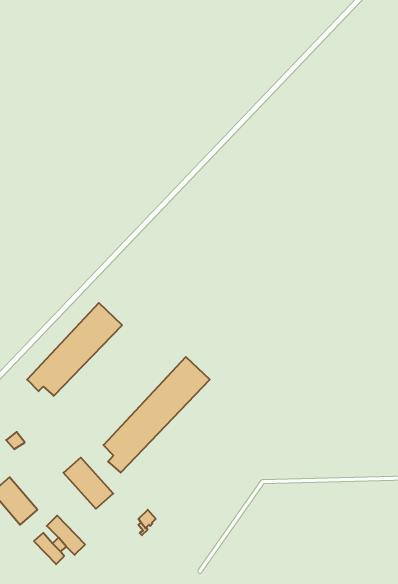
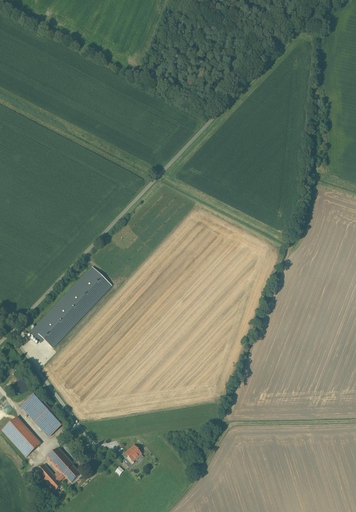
building: [103,357,210,473] -> none
building: [63,458,113,509] -> [19,391,62,435]

